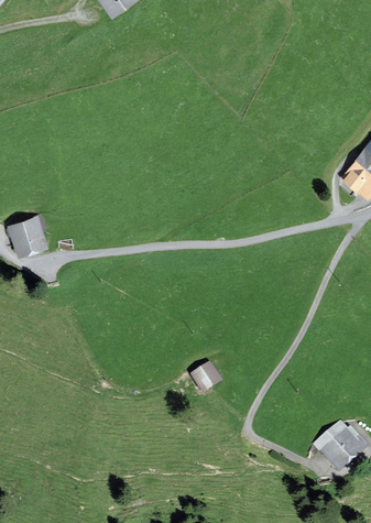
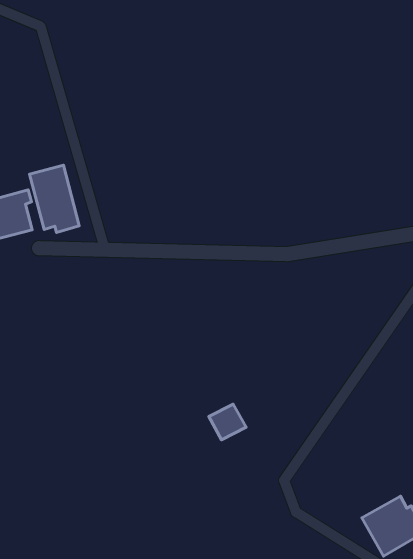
building: none -> [29,165,79,233]

